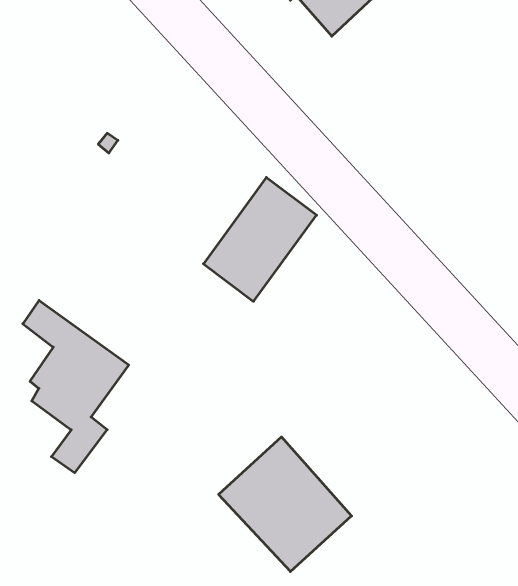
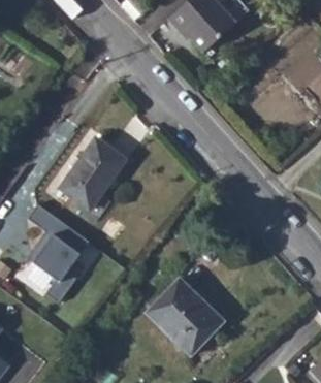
building: [203,177,317,301] -> [63,137,128,209]

